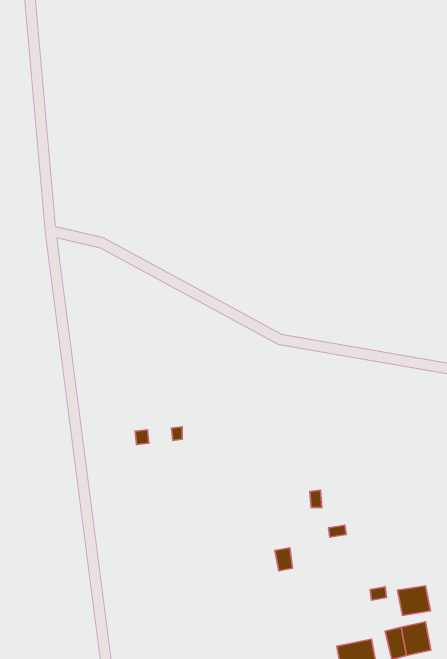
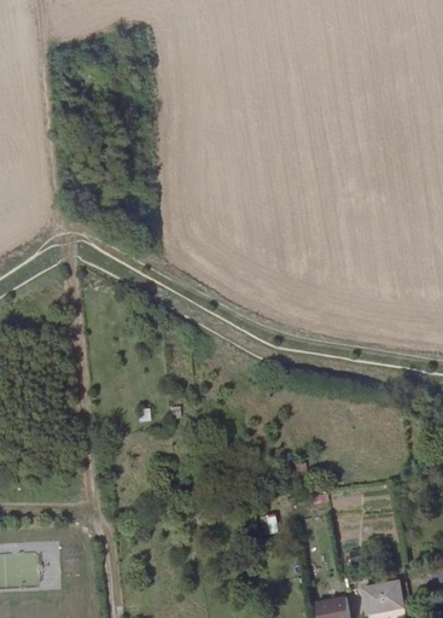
building: [398,586,430,616] -> none

